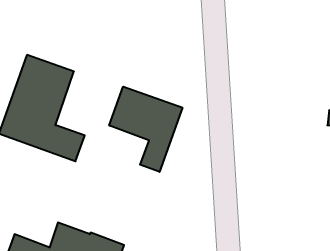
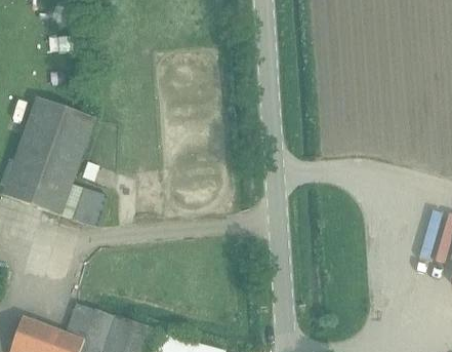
building: [109,87,182,172] -> none

